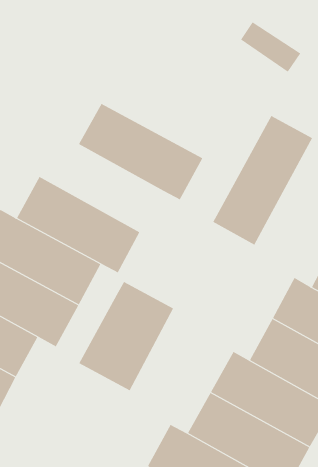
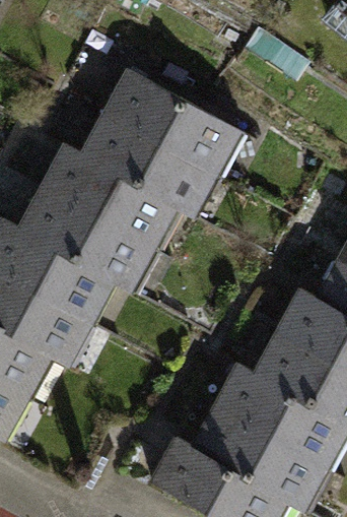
building: none -> [111,73,237,172]
building: [212,115,313,245] -> none
building: none -> [48,148,174,247]
building: [79,281,174,391] -> none

